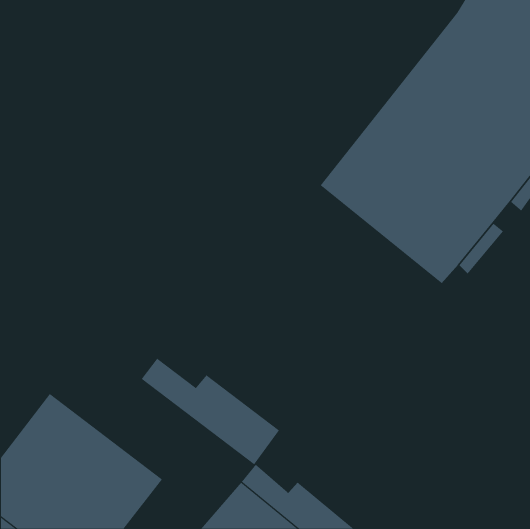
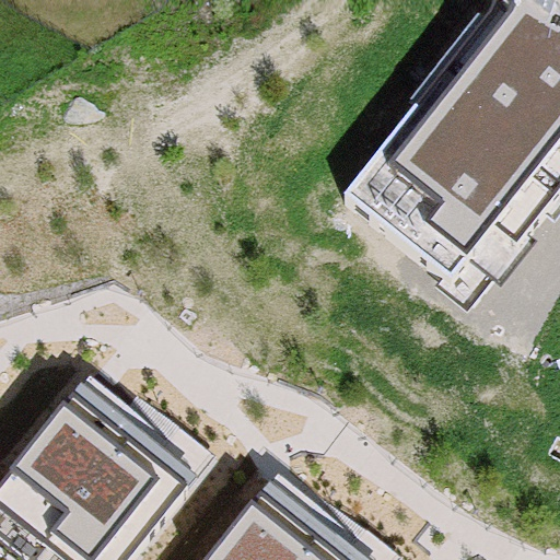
building: [141,358,280,465] -> [59,387,203,499]

